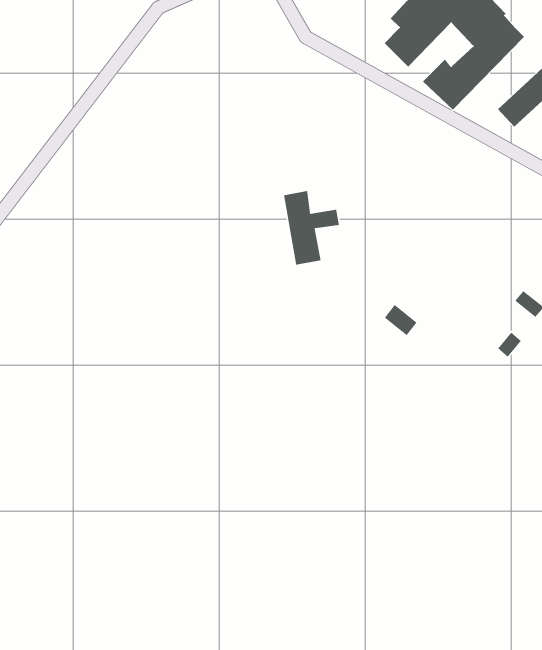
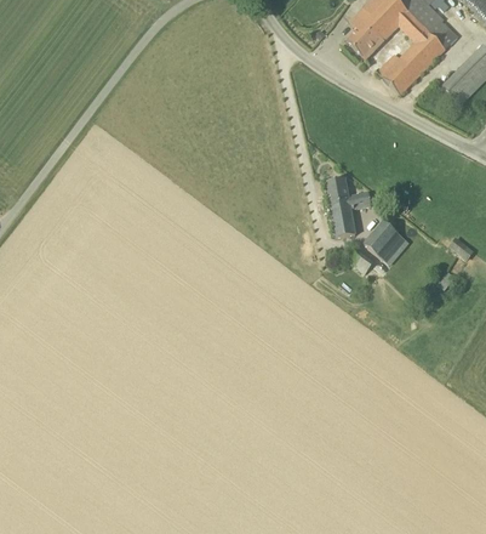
building: [283,190,340,266] -> [326,177,371,237]
building: none -> [365,220,402,257]

